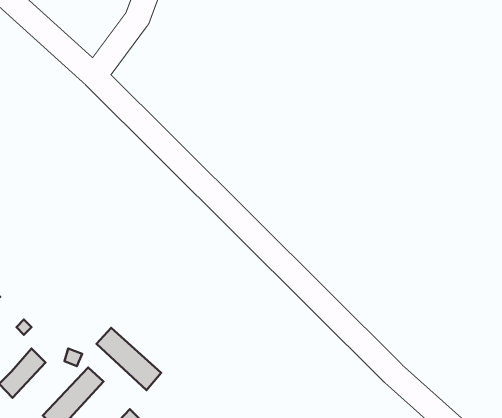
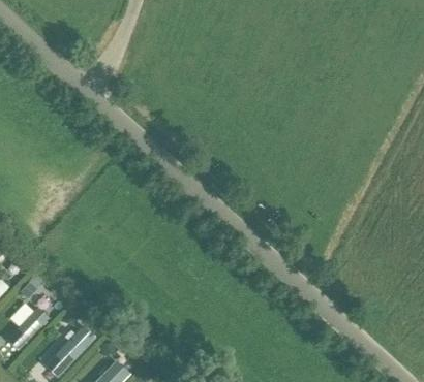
building: [96,328,161,390] -> none

